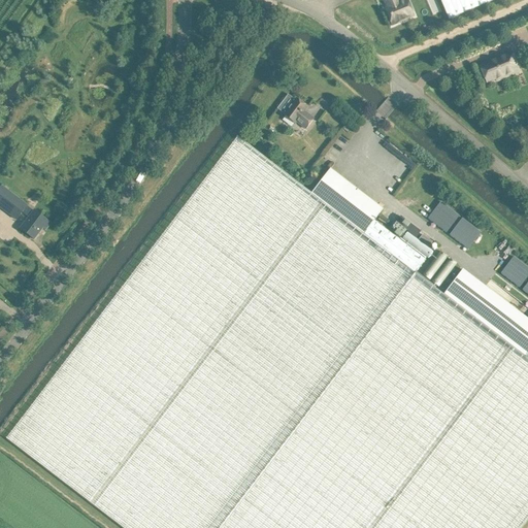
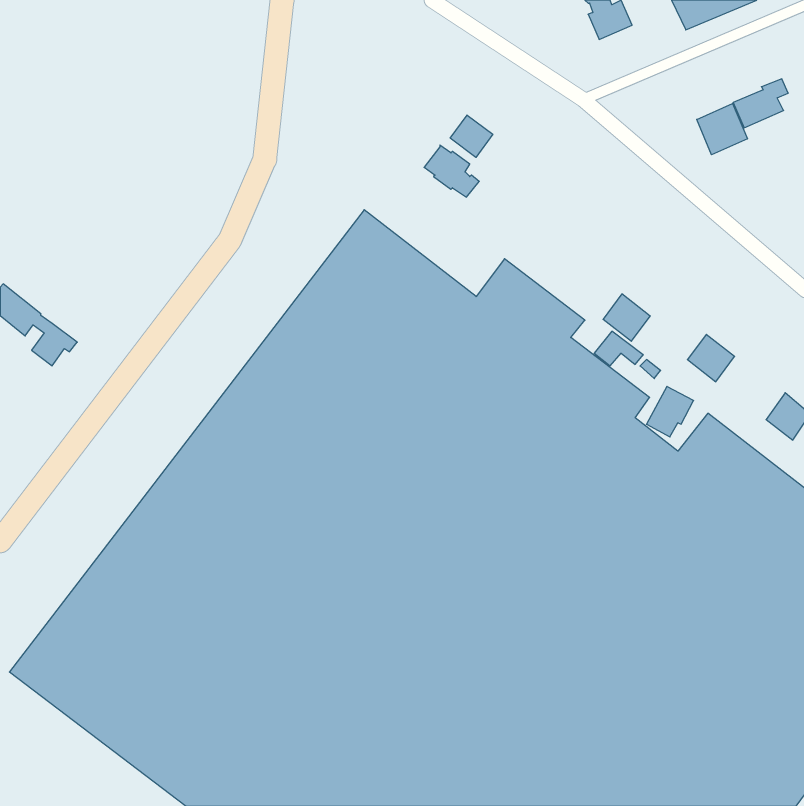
building: none -> [697,104,747,155]
building: none -> [450,115,493,157]
building: [429,202,460,233] -> [603,294,650,341]

